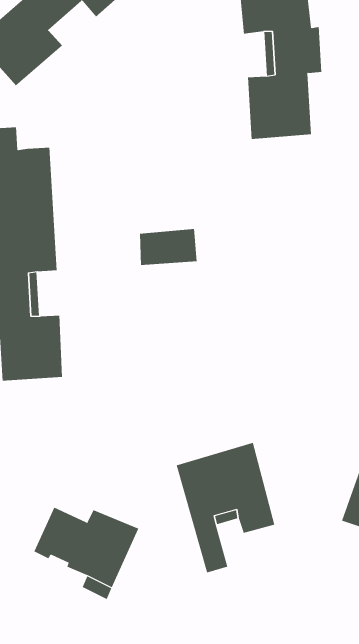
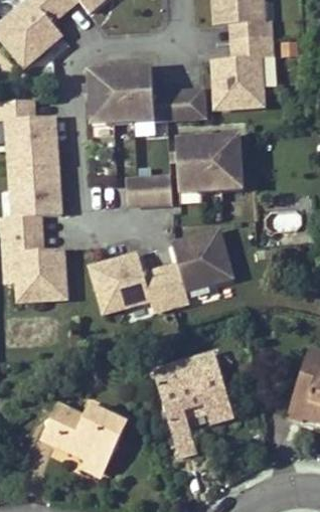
building: none -> [87,69,203,127]
building: none -> [174,138,241,195]
building: none -> [94,232,235,320]

